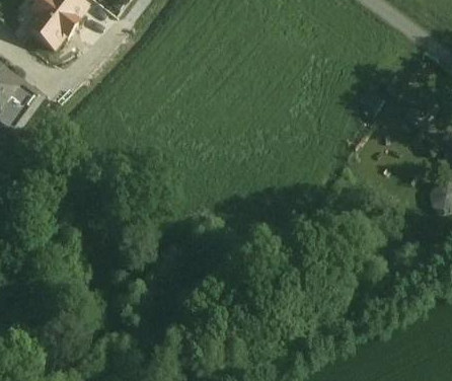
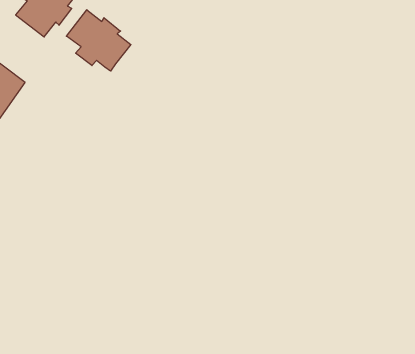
building: none -> [66,10,131,71]

